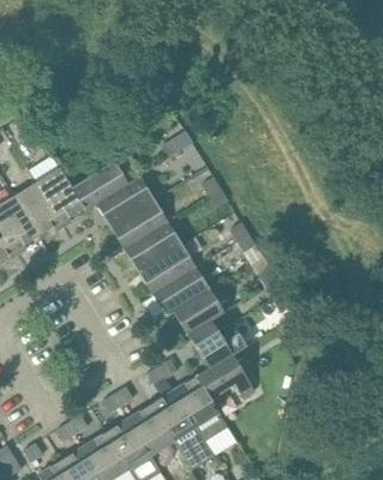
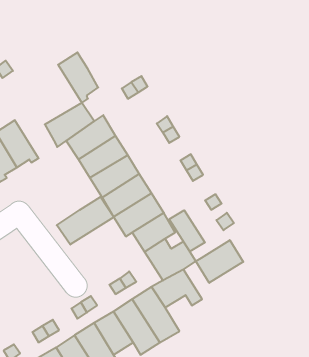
building: [36,167,83,226] -> [58,52,98,103]
building: none -> [57,197,114,245]
building: none -> [169,210,205,251]
building: none -> [196,240,243,283]

